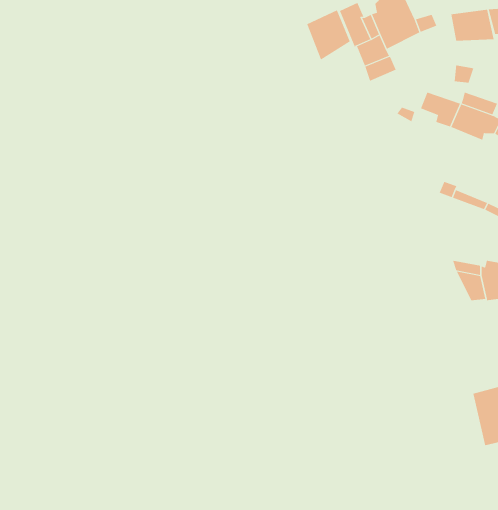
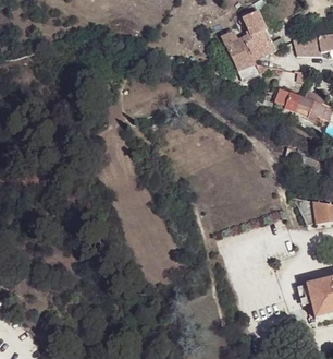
building: [306,10,351,61] -> none

